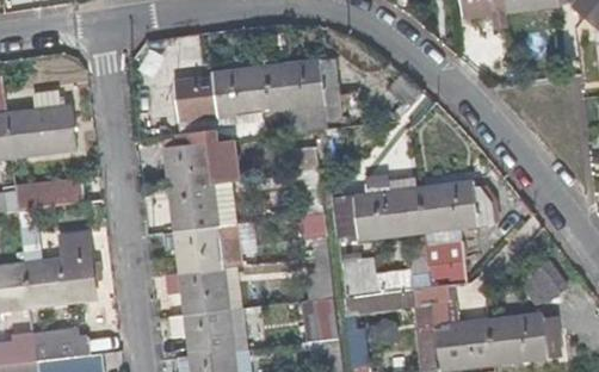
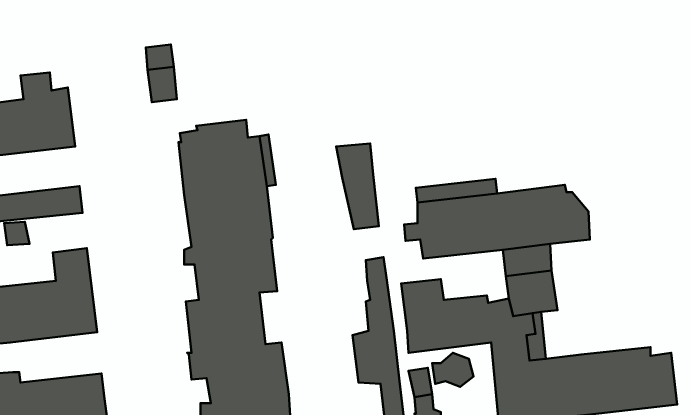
building: [174,57,342,134] -> none
building: [520,262,568,305] -> none

